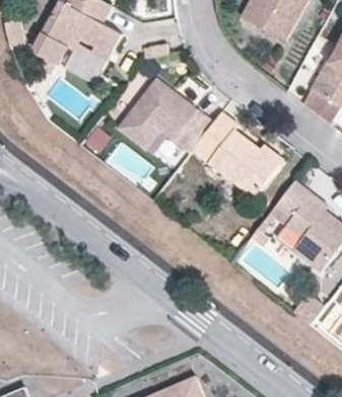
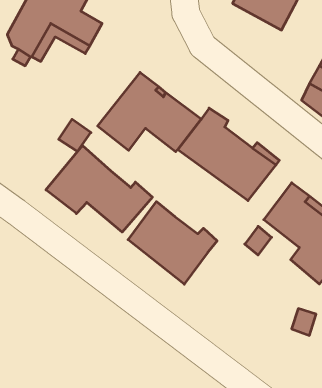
building: none -> [46,146,152,232]
building: none -> [128,202,217,284]

